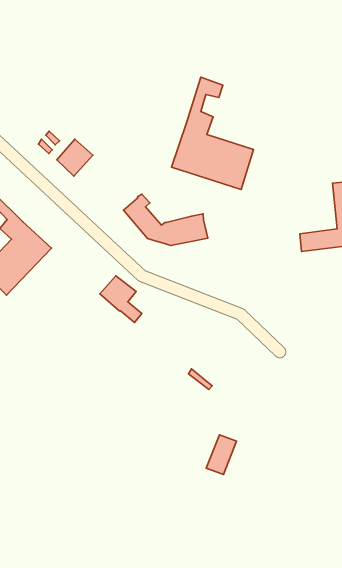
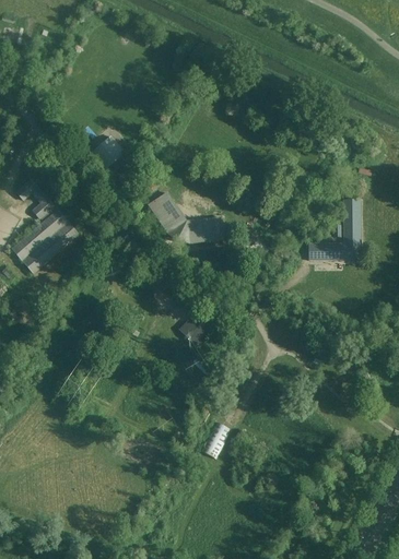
building: [172,77,253,189] -> none
building: [100,276,142,322] -> [179,313,216,358]

